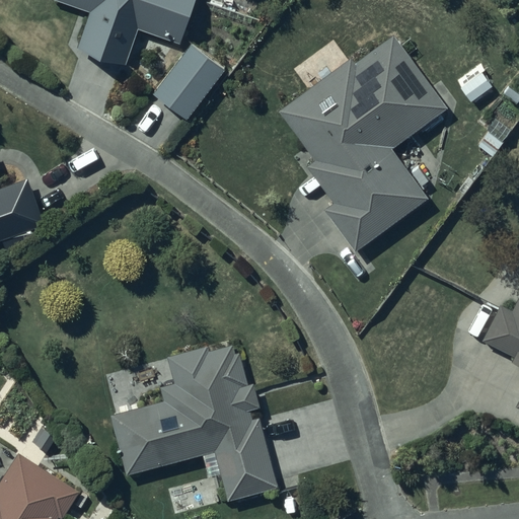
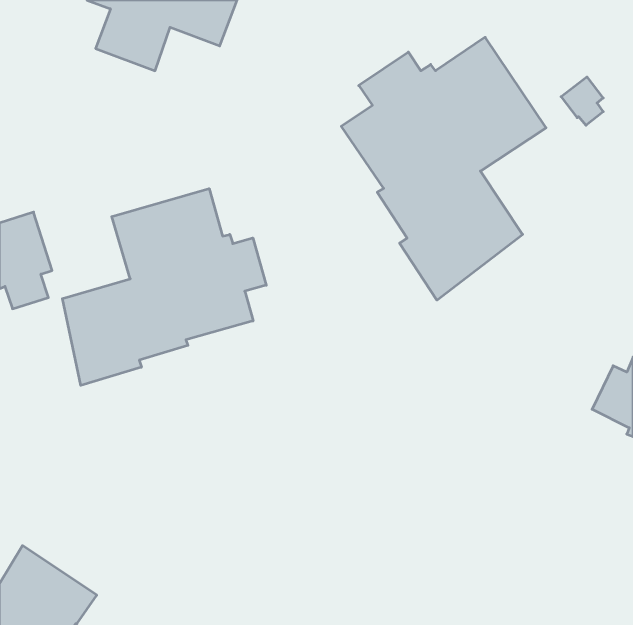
building: [154,44,225,119] -> none
building: none -> [62,189,266,385]
building: [110,346,278,500] -> none

